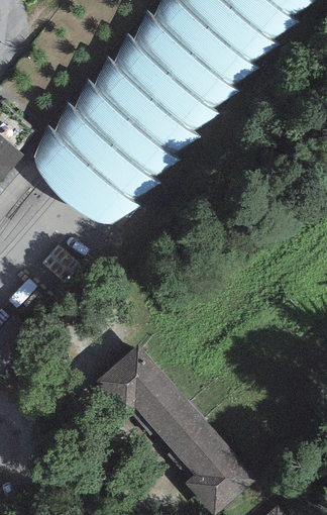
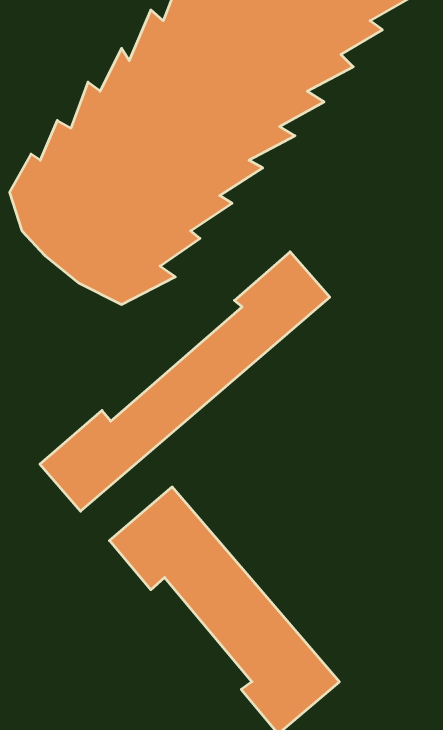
building: none -> [40,252,330,511]

